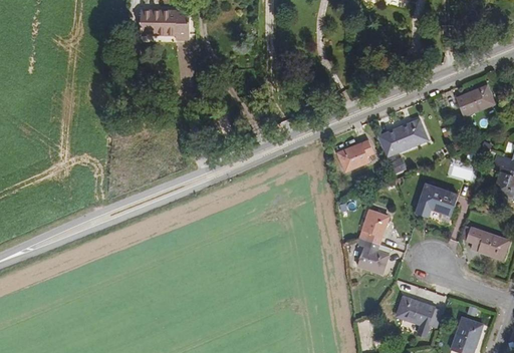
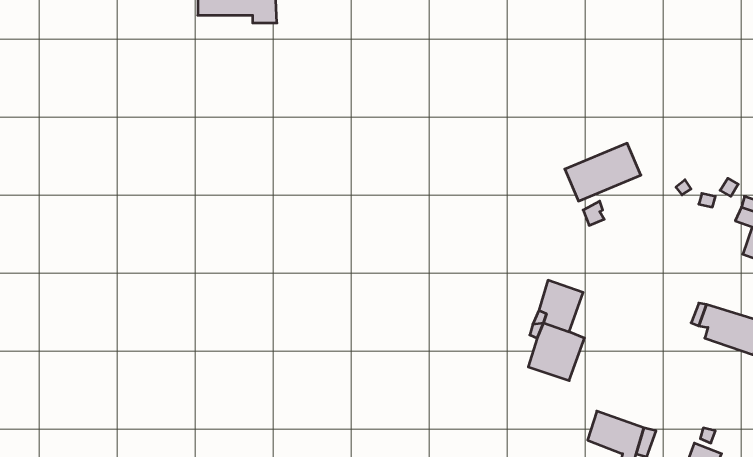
building: [447,84,494,117] -> none
building: [336,138,373,170] -> none
building: [417,183,459,217] -> none

